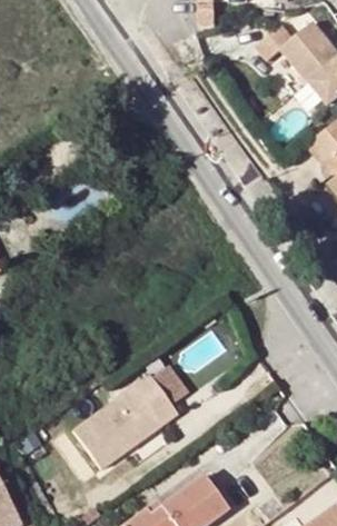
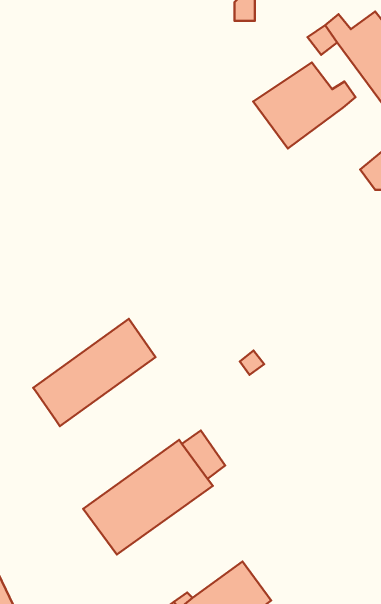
building: none -> [253,63,356,148]
building: none -> [33,319,156,426]

